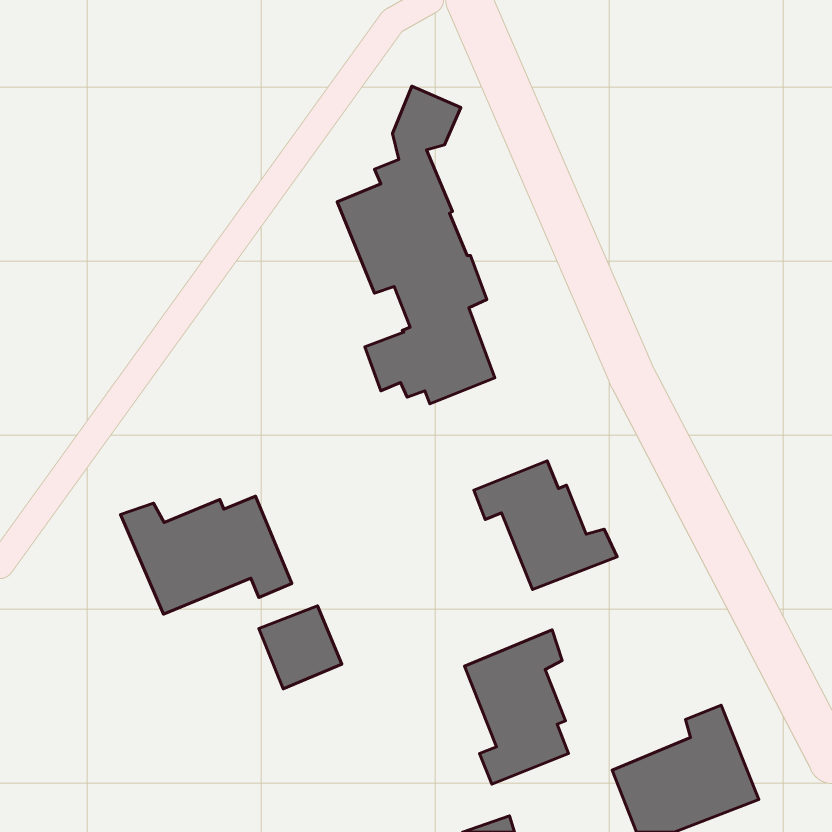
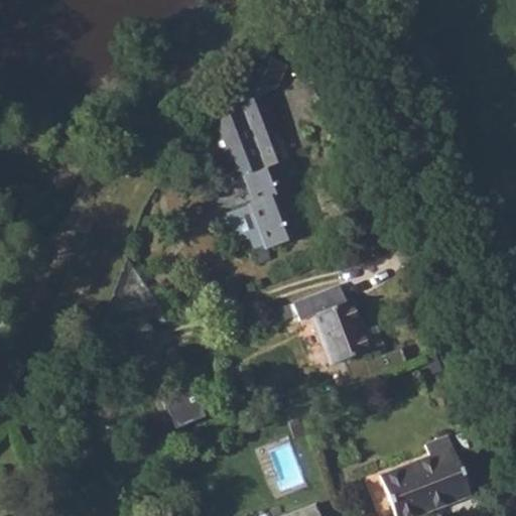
building: [120,496,292,614] -> none
building: [465,630,568,784] -> none

